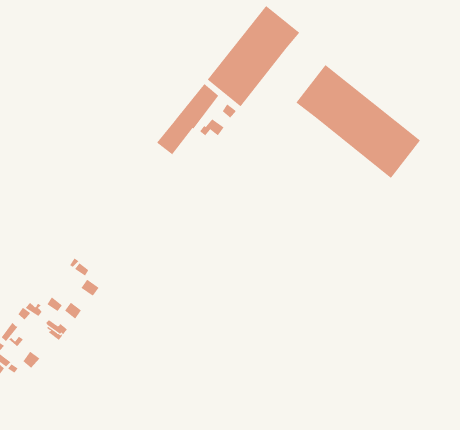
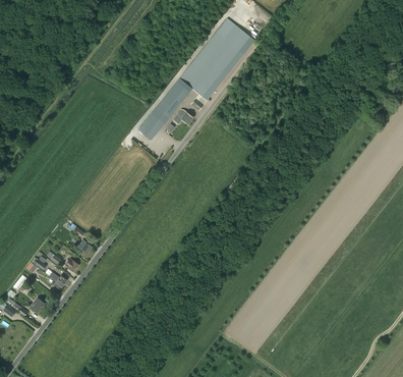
building: [296,64,421,179] -> none

